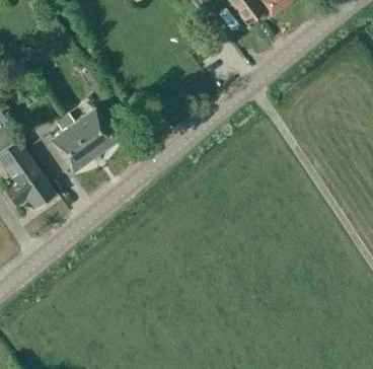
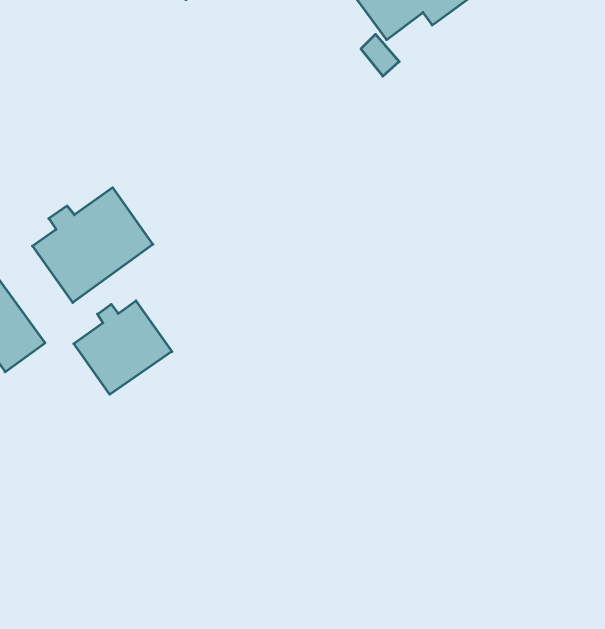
building: none -> [74,301,172,394]

